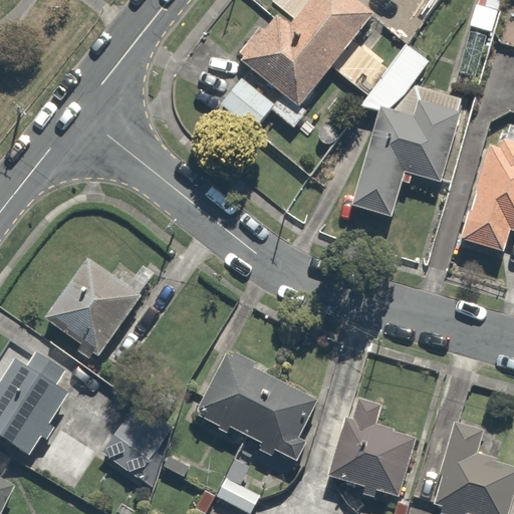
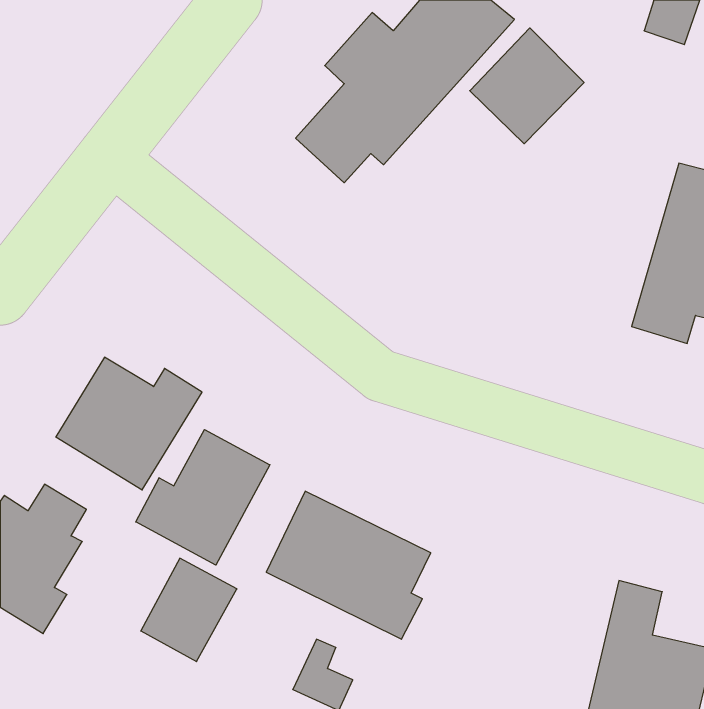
building: [350,102,463,218] -> none
building: none -> [136,430,270,565]
building: [325,395,414,493] -> none

